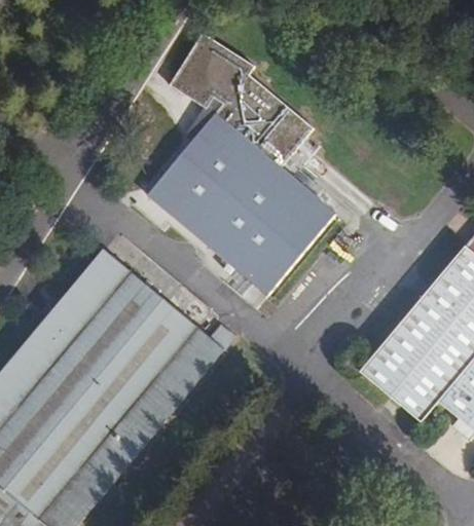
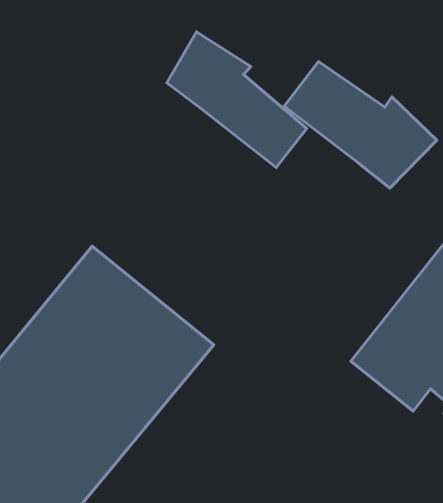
building: none -> [284,61,437,188]
building: [145,112,333,308] -> none

